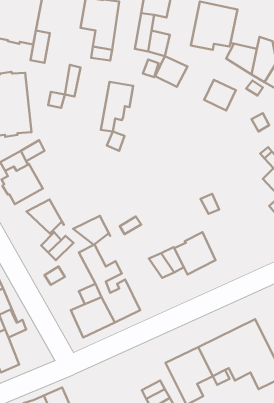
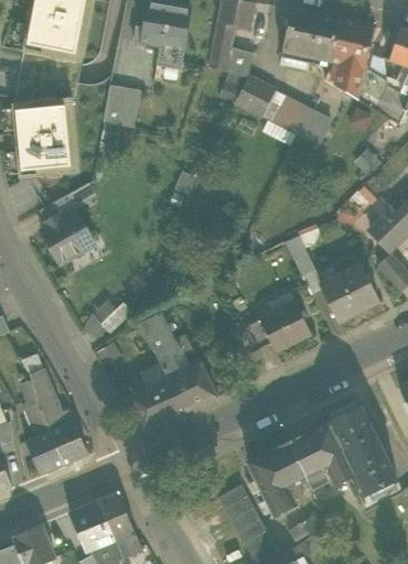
building: none -> [330,18,374,67]
building: [31,30,50,63] -> [104,84,128,124]
building: none -> [262,89,309,131]
building: [101,82,133,131] -> none
building: [26,199,64,233] -> none
building: none -> [320,263,379,322]
building: [73,216,110,245] -> none
building: none -> [51,420,87,464]

